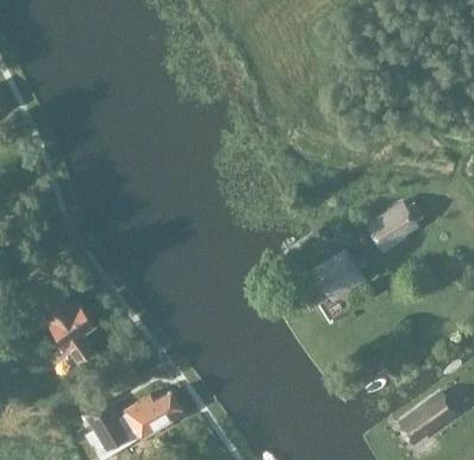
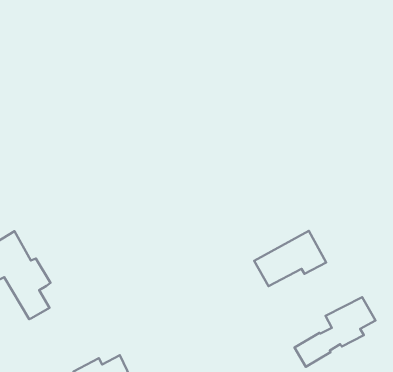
building: [366,198,420,253] -> none
building: none -> [295,297,375,367]

